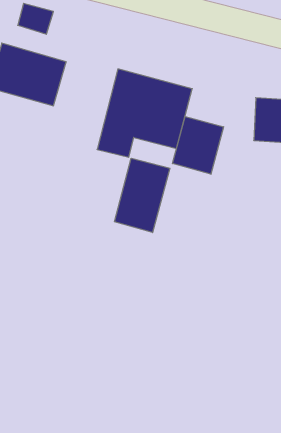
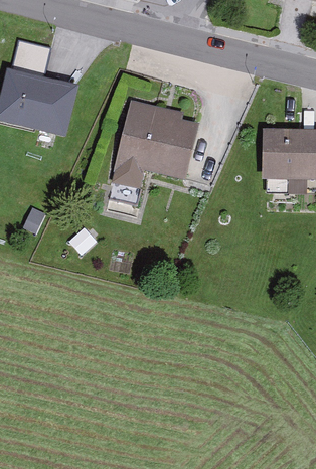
building: [173,117,224,174] -> none
building: [114,158,170,233] -> none

